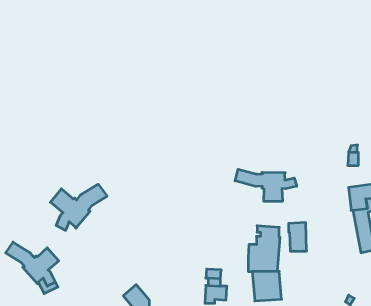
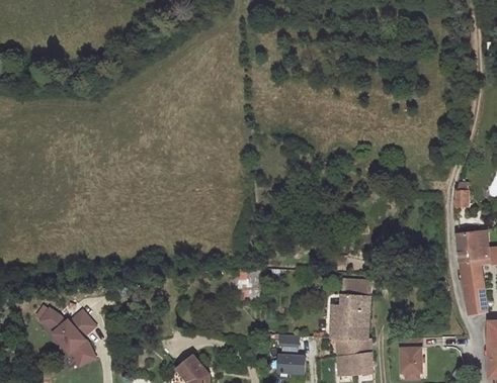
building: [235,169,297,201] -> none
building: [50,184,107,230] -> none
building: [289,223,307,251] -> [399,338,421,373]

